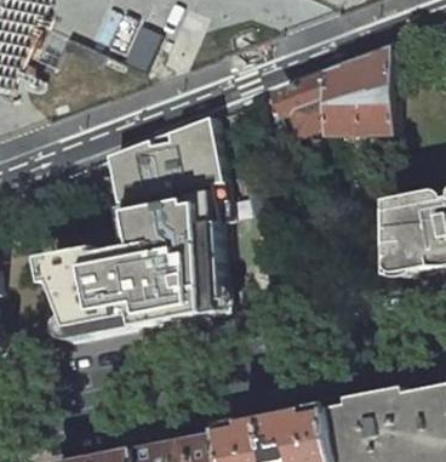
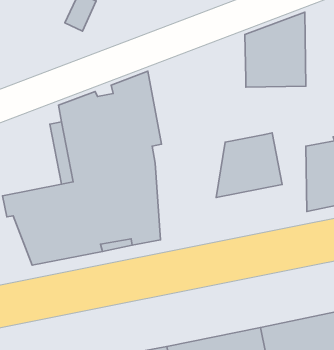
building: [270,73,319,132] -> none
building: none -> [216,133,282,198]

